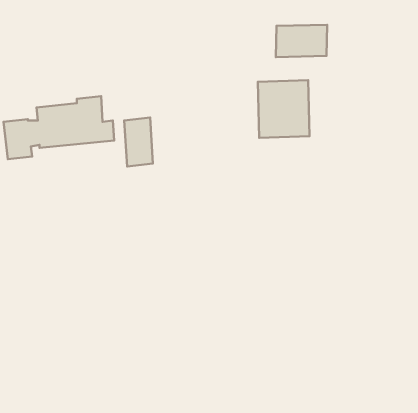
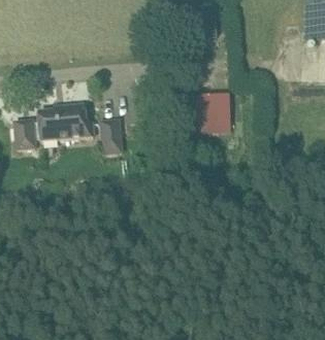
building: [276,25,327,57] -> none

